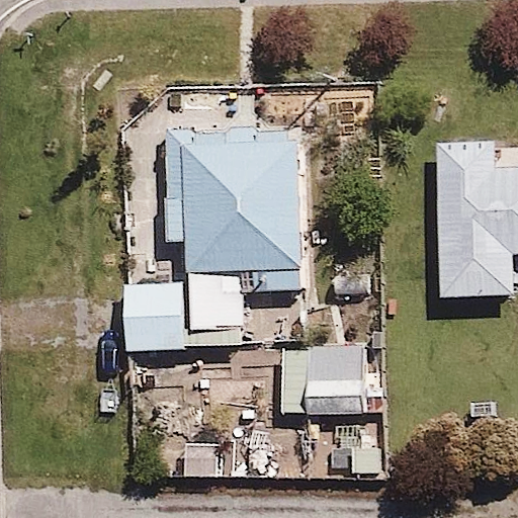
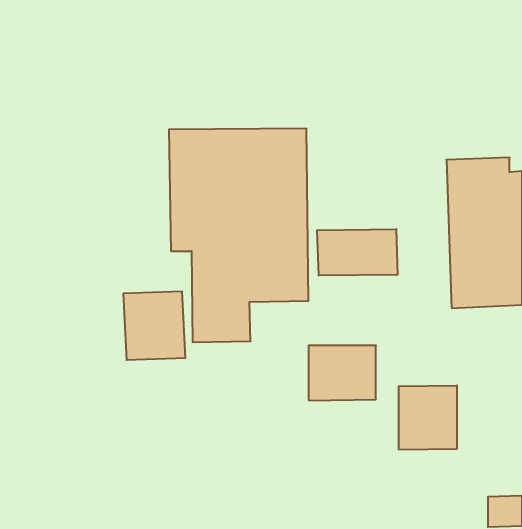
building: none -> [317,229,398,276]
building: none -> [399,385,457,450]

